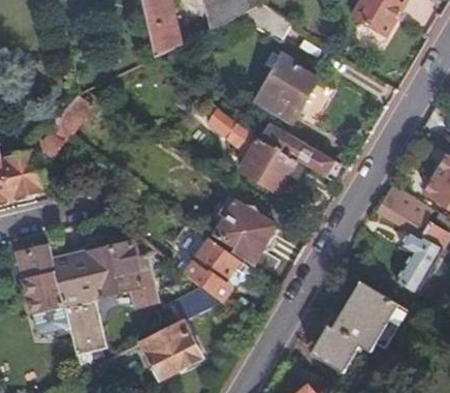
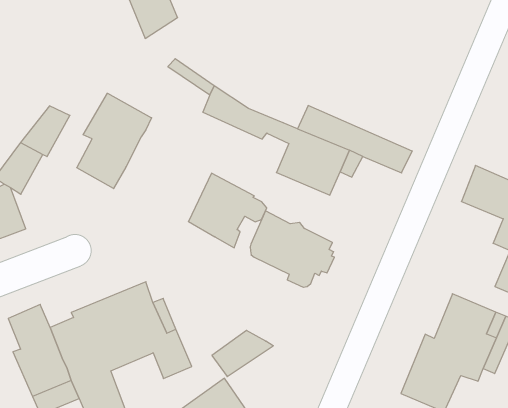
building: [259,51,320,120] -> none
building: none -> [77,93,152,189]
building: [184,238,245,297] -> [188,173,267,248]

